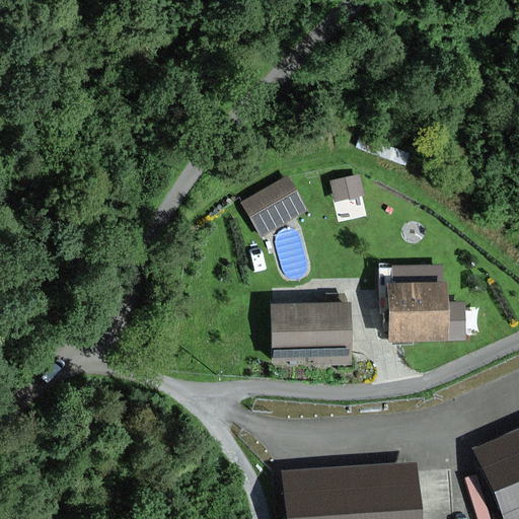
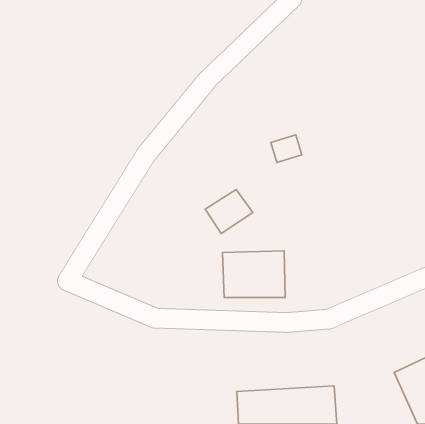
building: [244,175,302,229] -> [205,189,253,233]
building: [379,268,462,338] -> none

